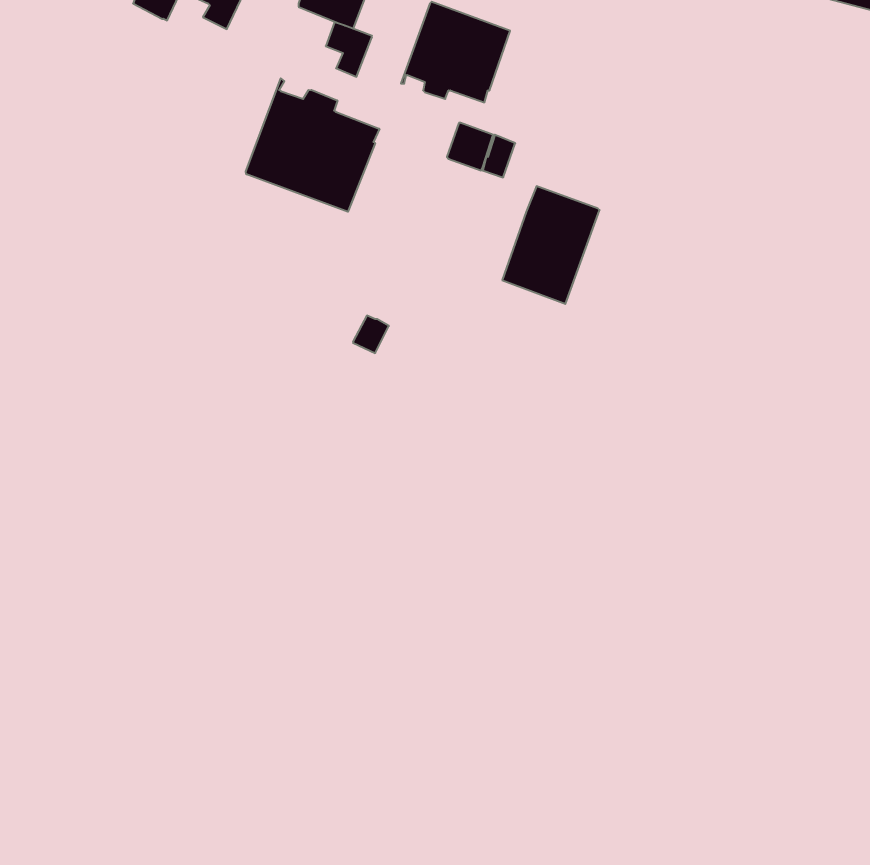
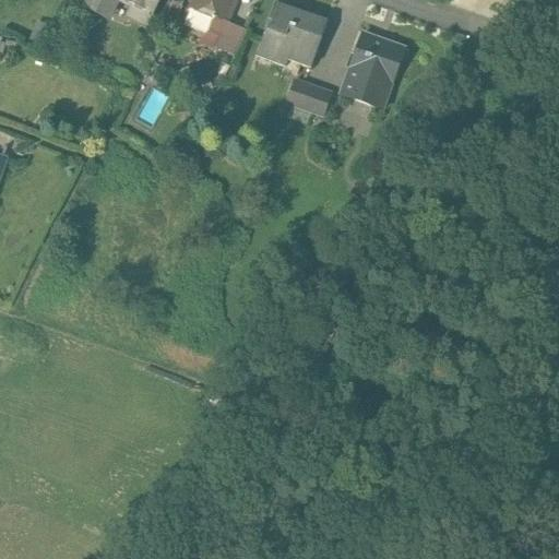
building: [246,78,379,212] -> none
building: [502,186,600,304] -> [342,32,404,107]

